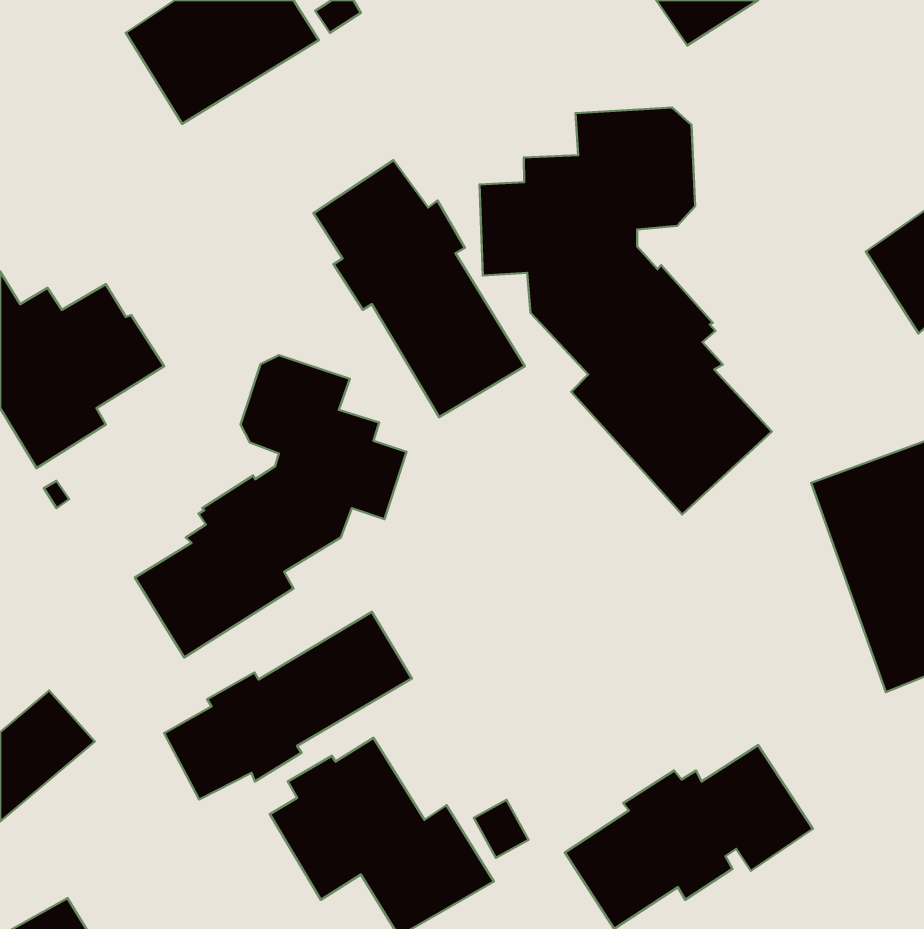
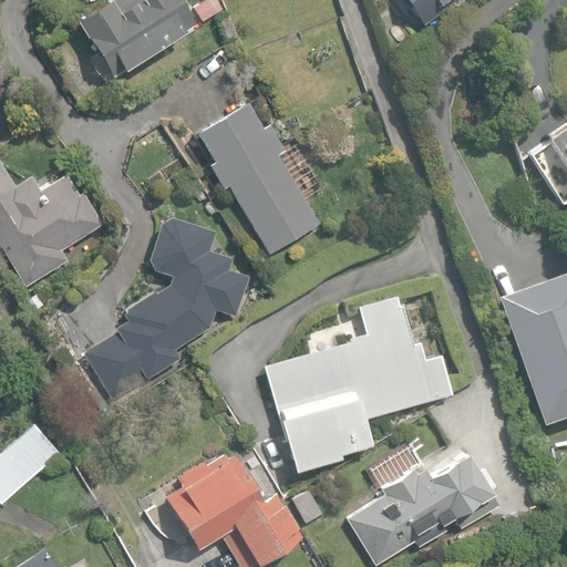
building: [480,107,772,514] -> none
building: none -> [265,296,454,471]
building: [164,612,412,799] -> none

